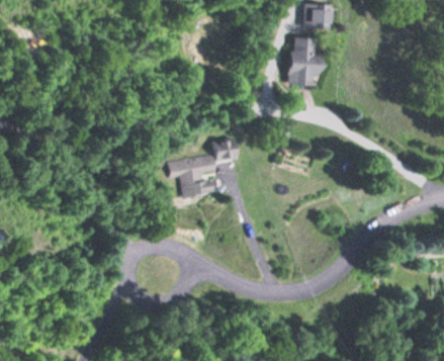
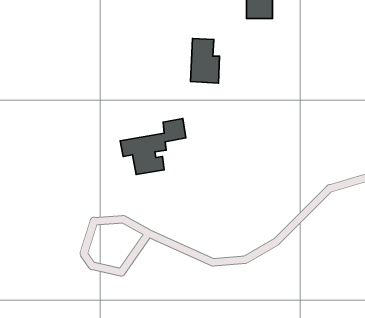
building: [290,37,322,86] -> [191,38,220,83]

